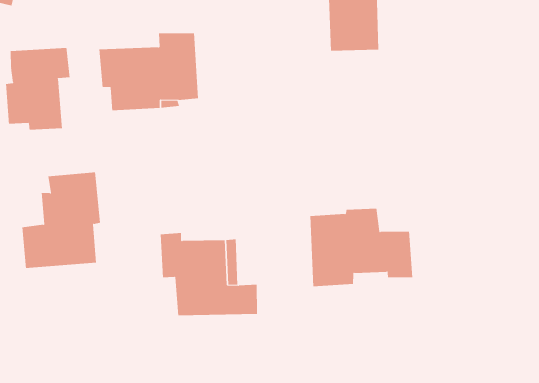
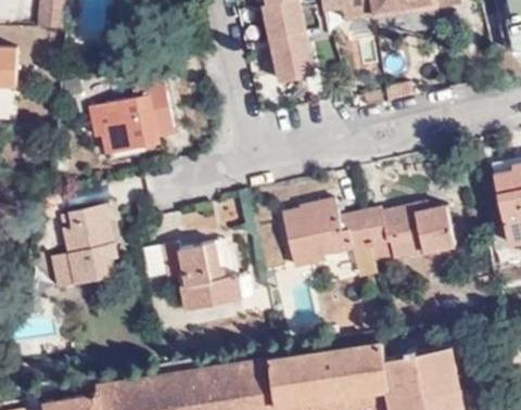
building: [6,47,70,130] -> none
building: none -> [361,205,454,261]

